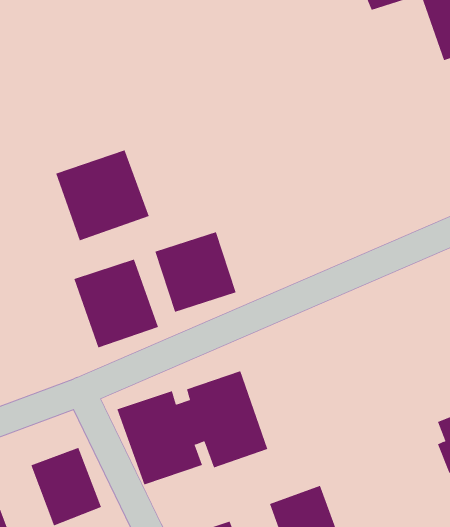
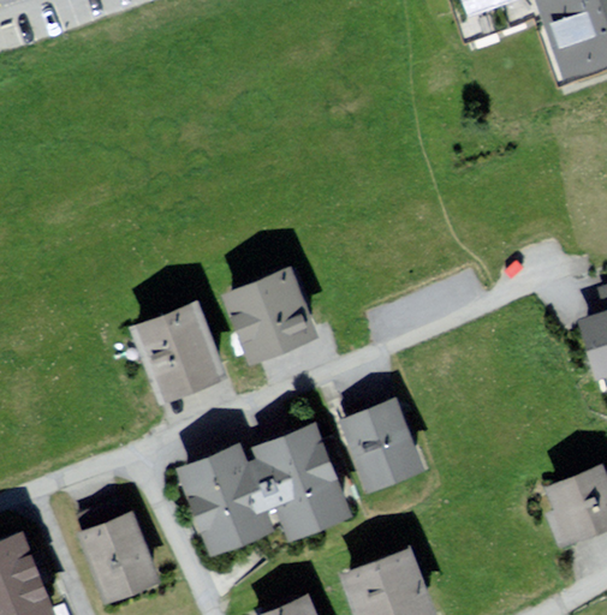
building: [56,150,149,241] -> none
building: none -> [344,404,421,490]

